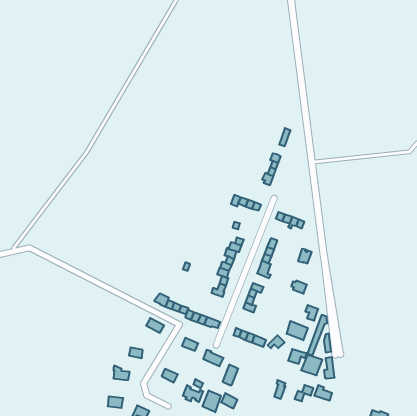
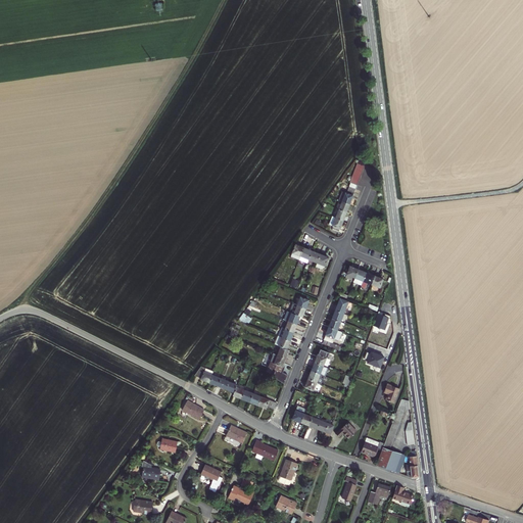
building: [287,321,308,340] -> none
building: [203,390,221,412] -> none

